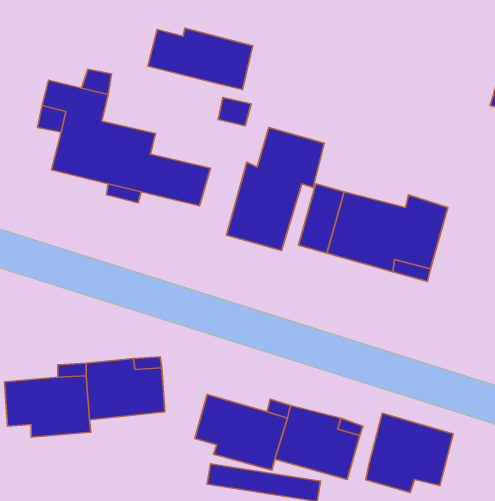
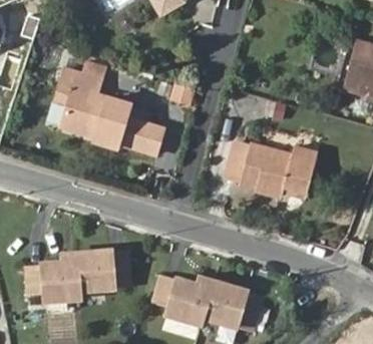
building: [148,28,253,90] -> none
building: [226,128,324,251] -> none
building: [366,413,453,492] -> none

